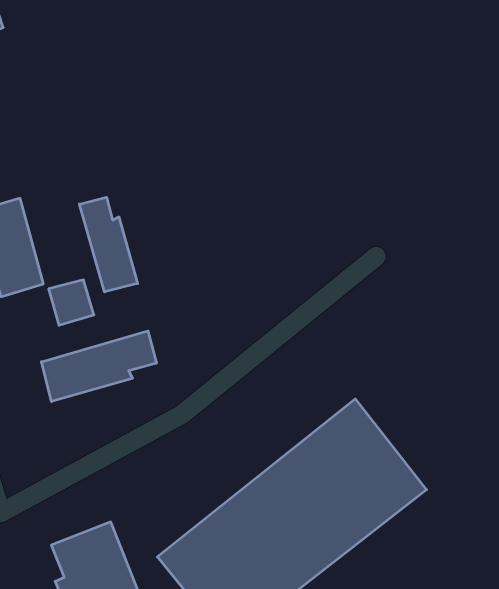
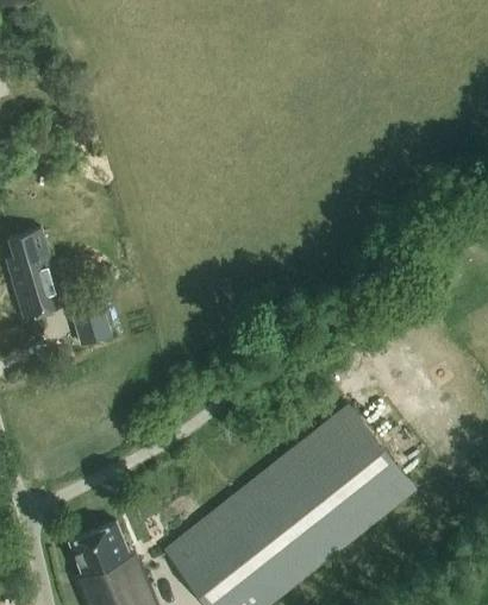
building: [79,197,138,292] -> none
building: [41,331,156,402] -> none

